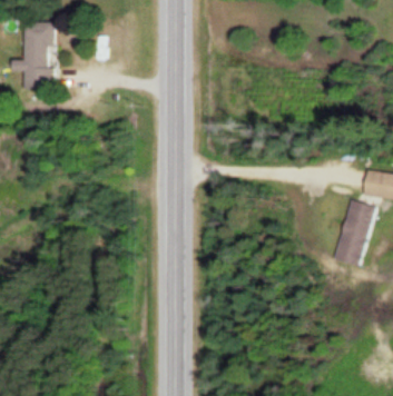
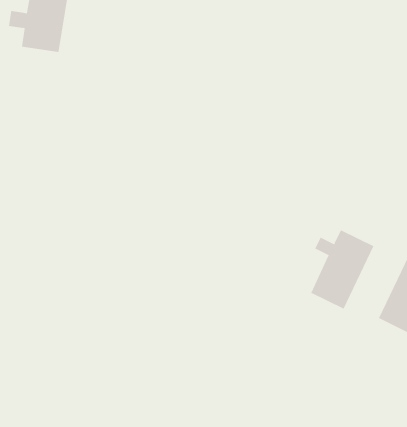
building: none -> [311,230,374,309]

